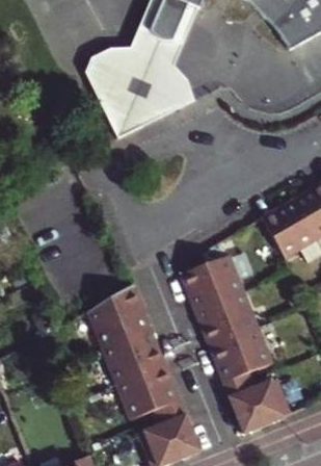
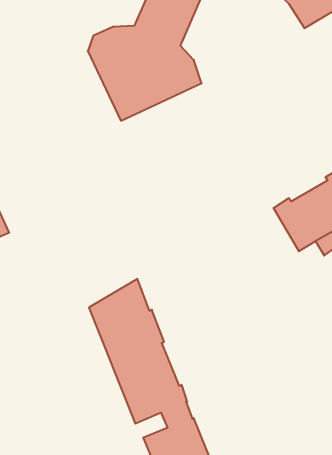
building: [182,255,292,434] -> none

